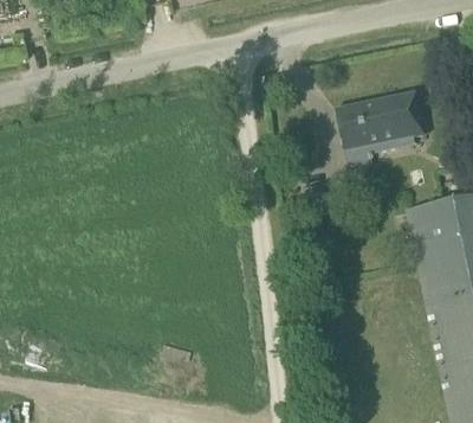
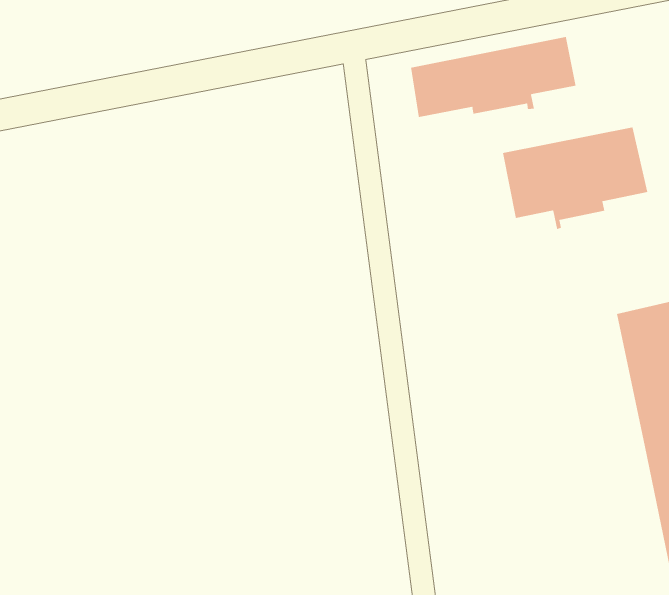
building: none -> [411,36,576,118]

